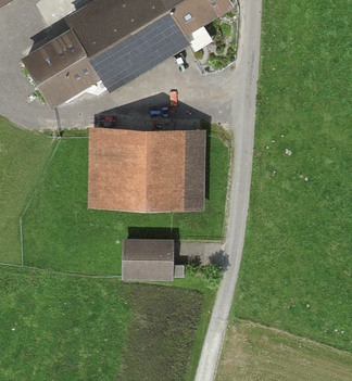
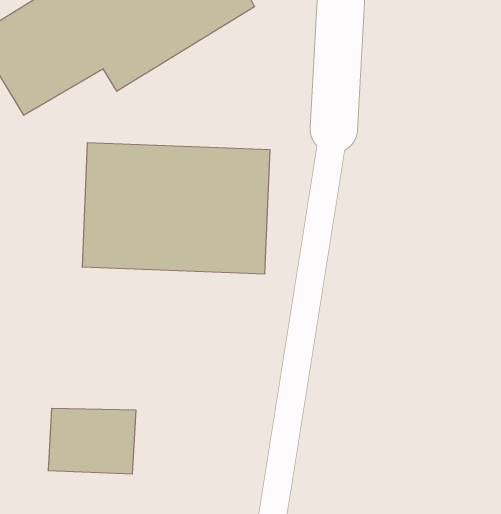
building: [118,240,174,281] -> [48,408,136,474]

